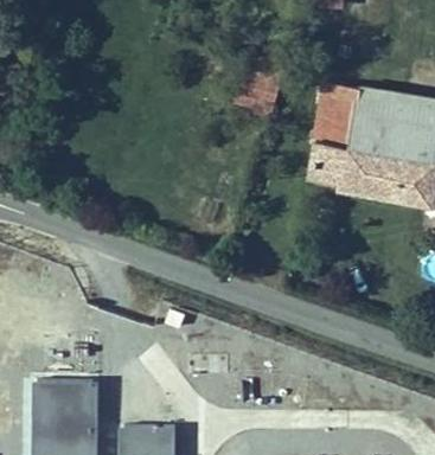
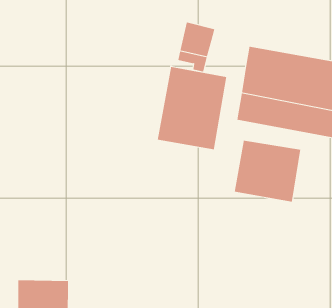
building: none -> [157,66,227,150]
building: none -> [234,140,301,202]

